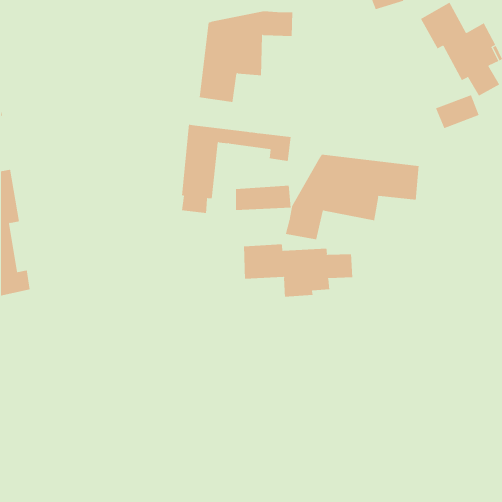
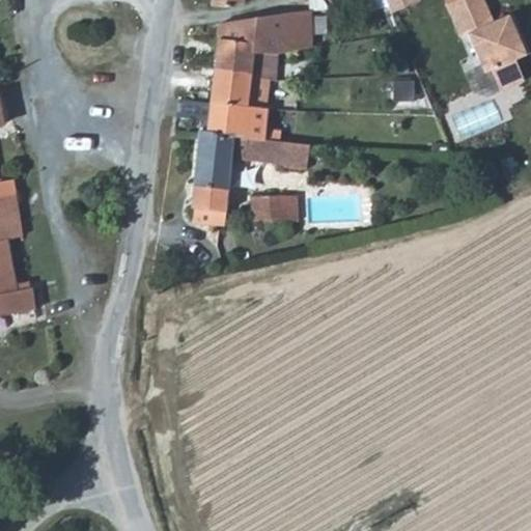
building: none -> [206,103,268,139]
building: [285,154,419,240] -> none
building: [243,244,353,298] -> none

